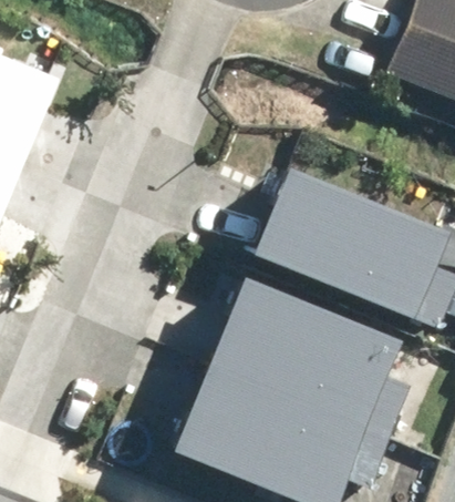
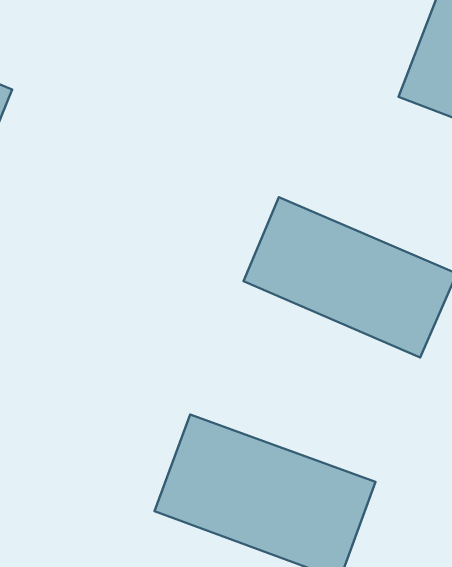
building: [209,279,402,422] -> none

